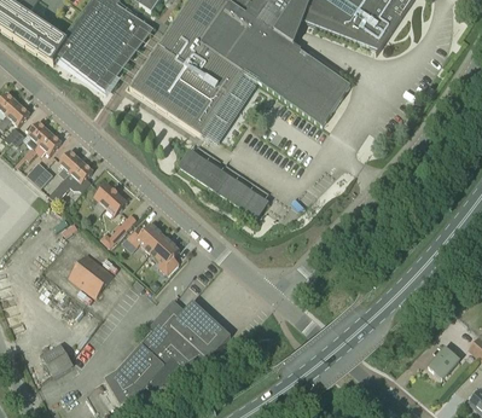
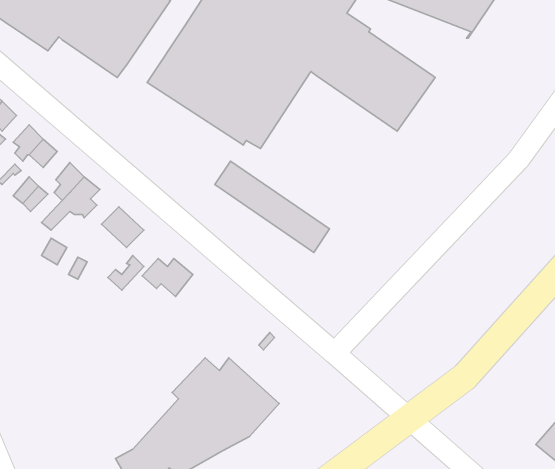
building: [151,236,180,275] -> none
building: [68,254,114,298] -> none
building: [41,342,74,377] -> none

